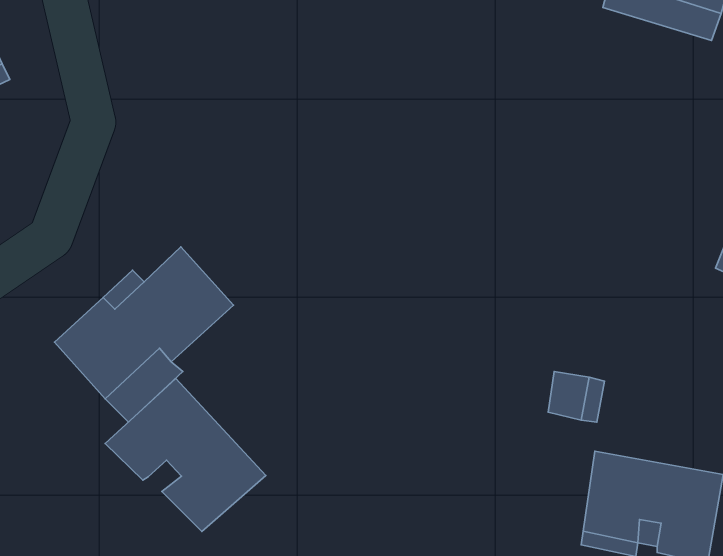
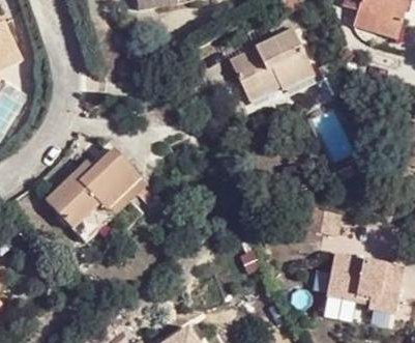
building: none -> [229,26,315,101]
building: [105,379,266,532] -> none

